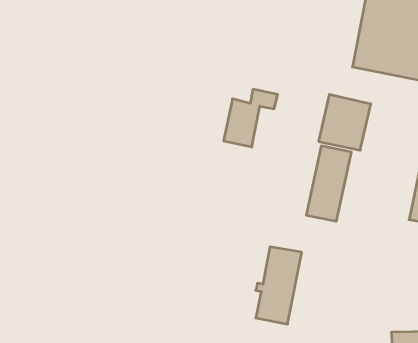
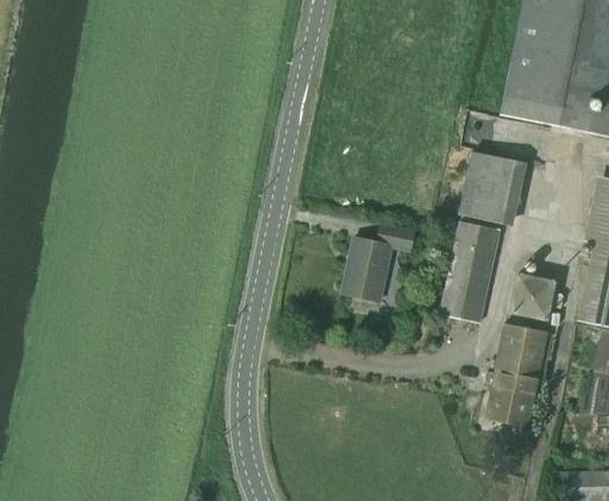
building: [224,89,278,147] -> [343,223,415,300]
building: none -> [508,273,557,321]
building: [256,247,302,324] -> [485,322,547,426]

